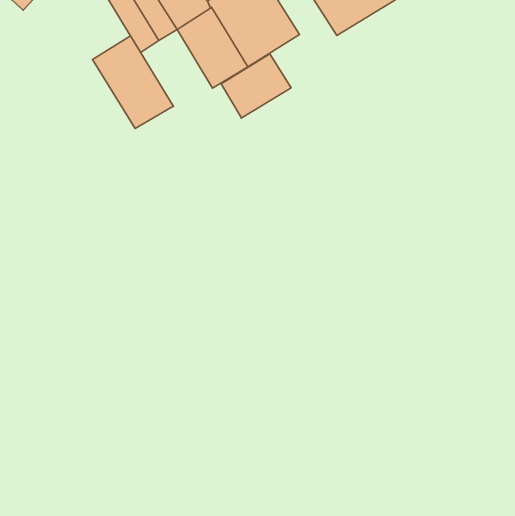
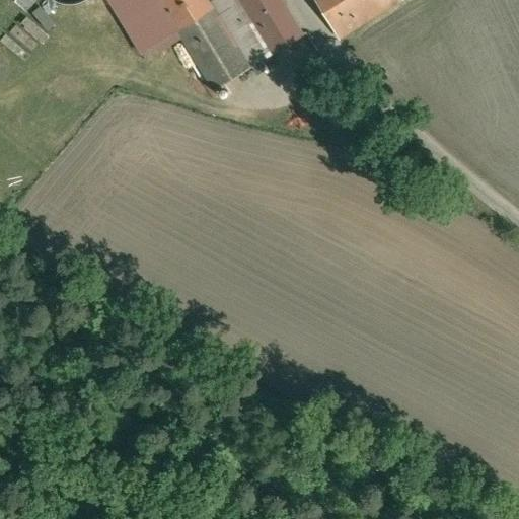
building: [93,36,174,128] -> none
building: [221,54,291,118] -> none

